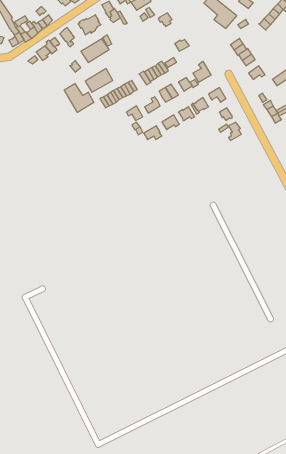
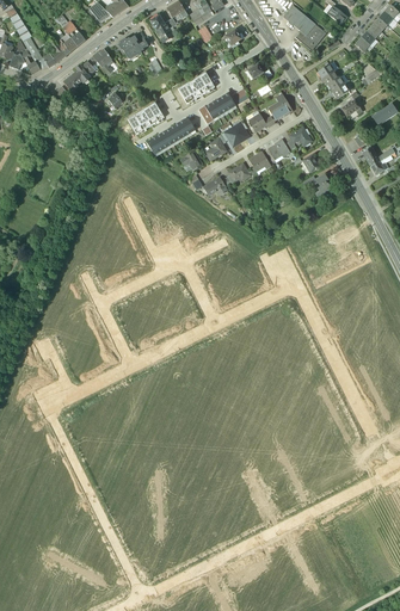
building: [81,39,109,62] -> [177,72,214,103]
building: [64,83,94,112] -> none

